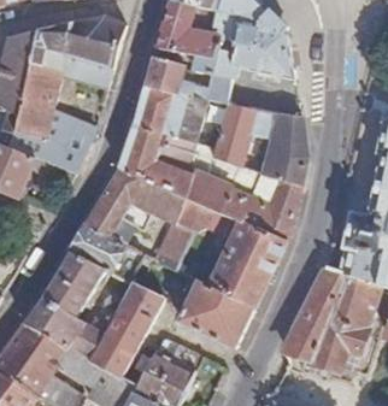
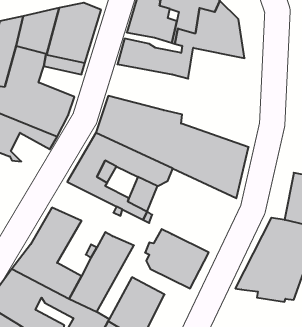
building: [134,87,210,141] -> none
building: [219,104,305,184] -> none
building: [204,210,284,308] -> none
building: [67,225,139,282] -> none

